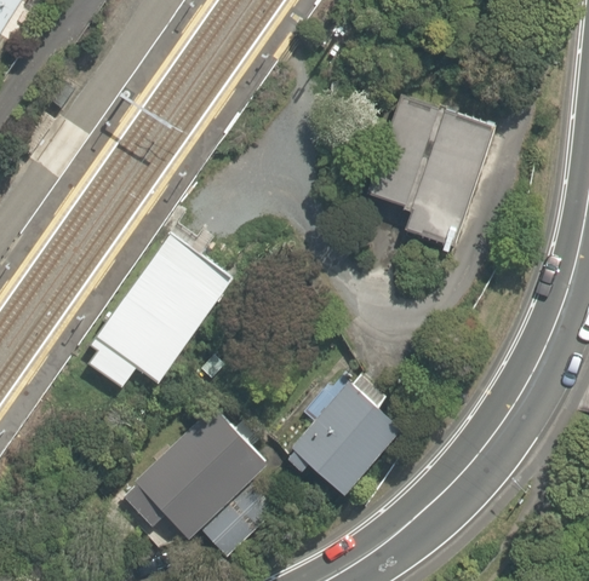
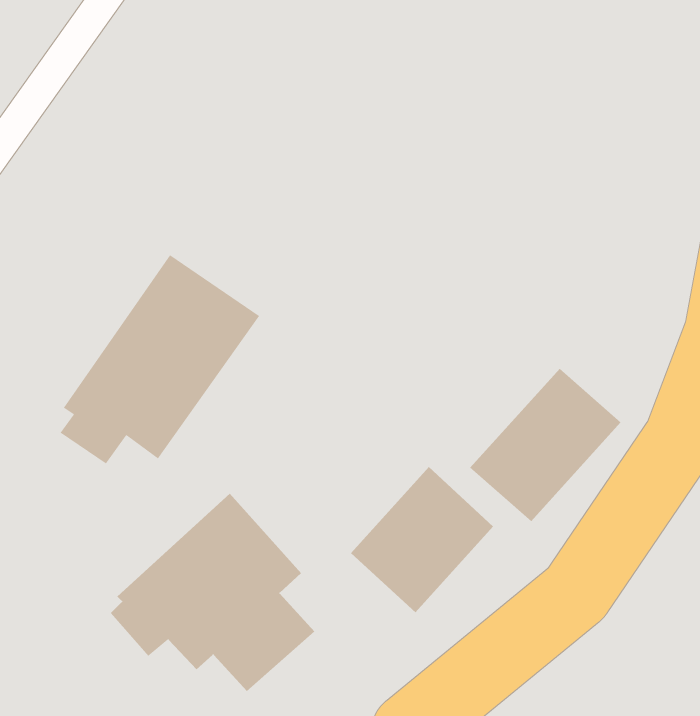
building: [367,94,493,248] -> none
building: none -> [469,368,622,522]

